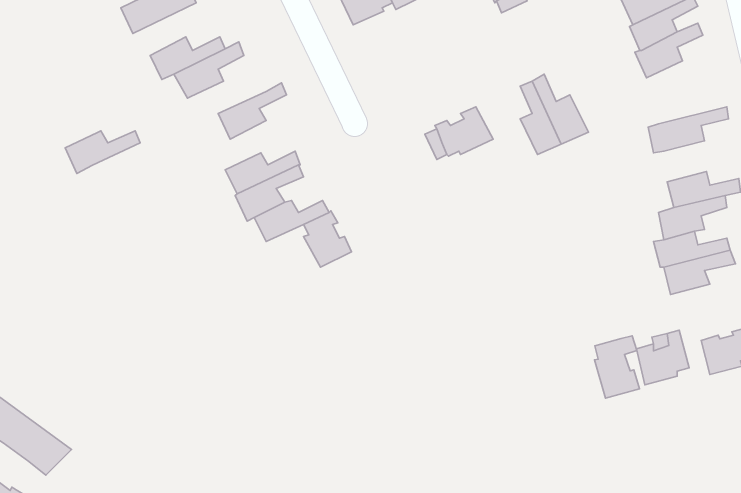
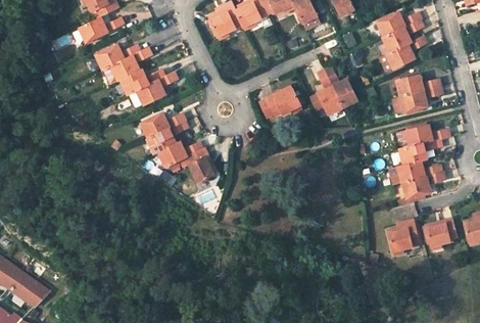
building: none -> [395,74,440,96]
building: [65,131,140,174] -> [119,70,164,95]
building: [594,336,640,398] -> none

